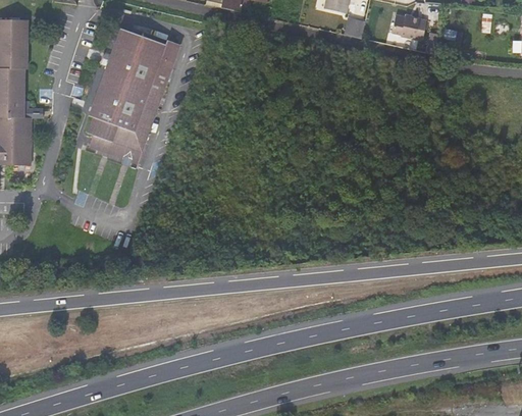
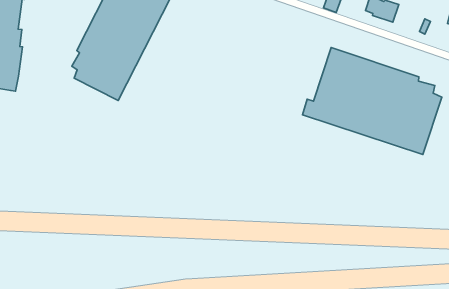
building: none -> [303,48,442,154]

